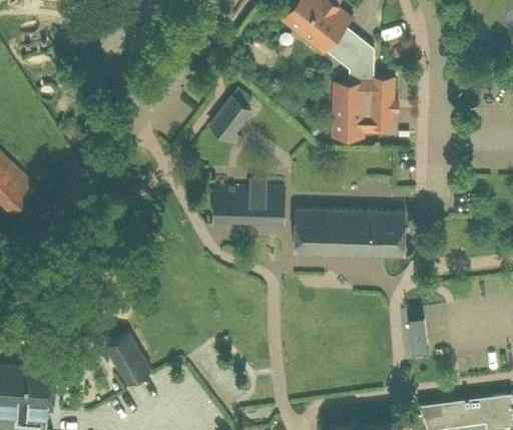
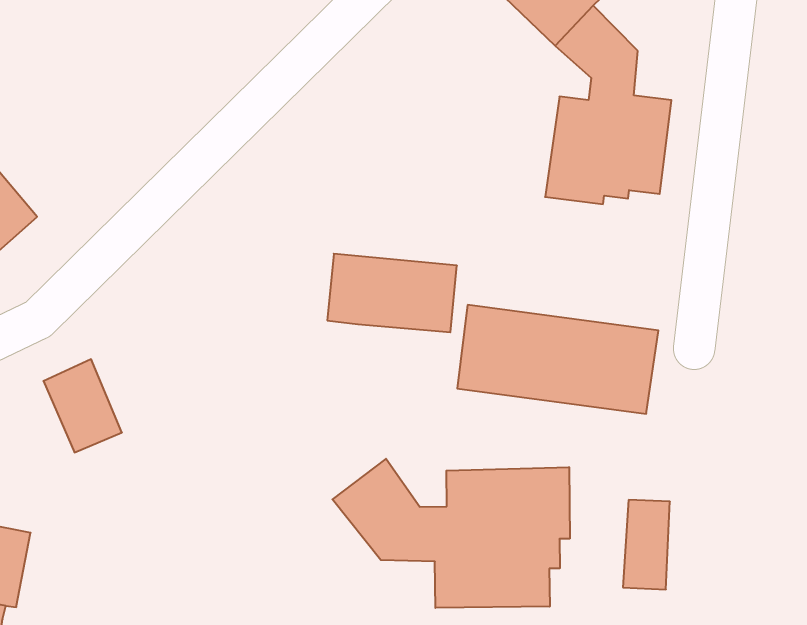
building: [211,101,254,146] -> none
building: none -> [332,459,570,608]
building: [103,334,152,389] -> [43,359,122,452]

